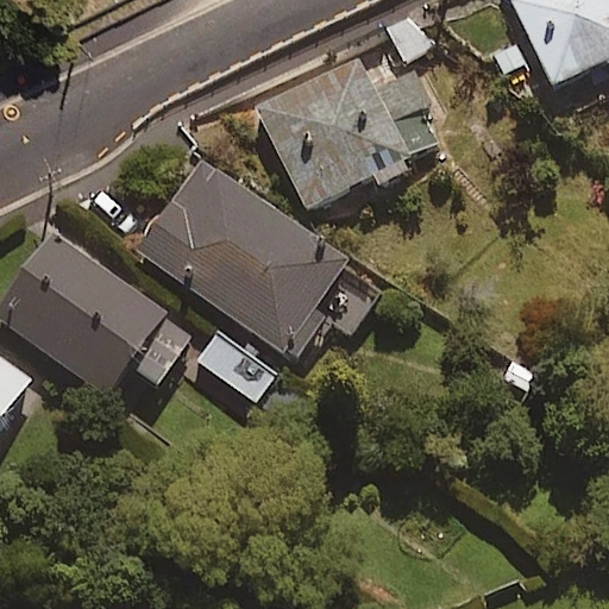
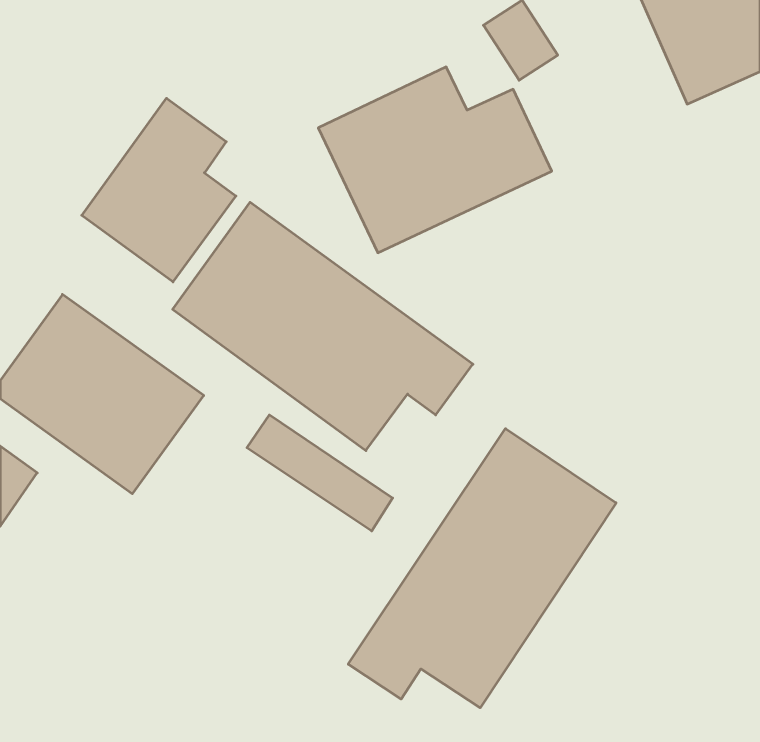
building: none -> [82,98,236,282]
building: none -> [348,429,616,708]

